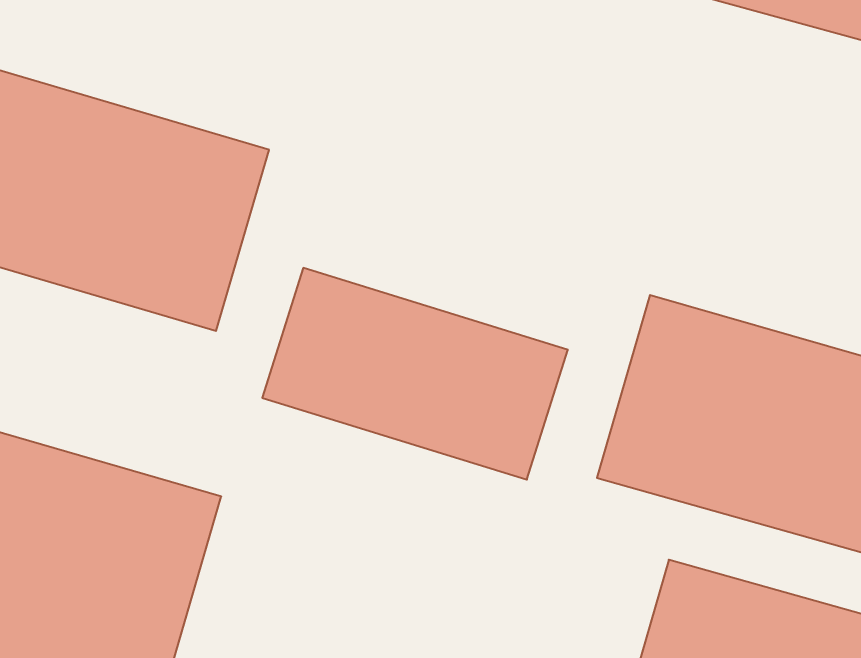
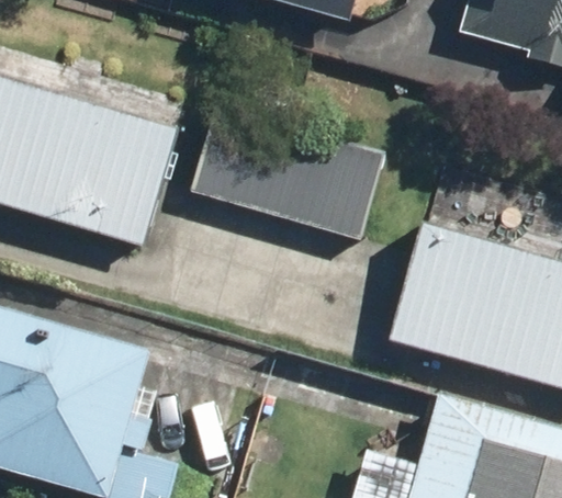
building: [262,268,568,480] -> [189,103,385,239]

